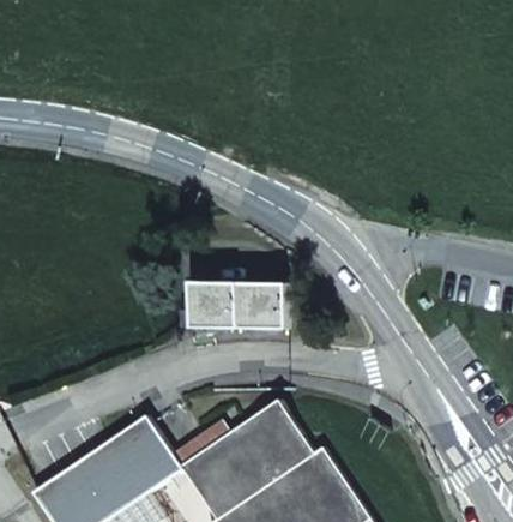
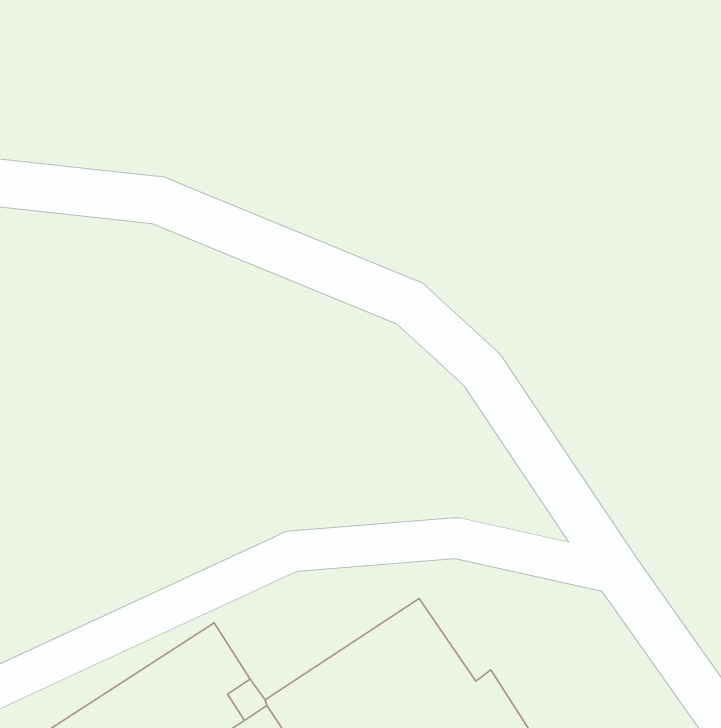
building: [181,280,288,328] -> none

